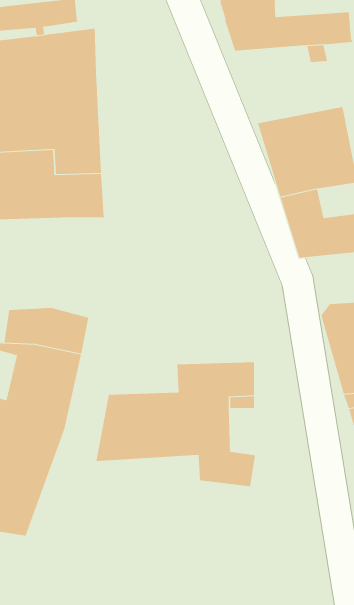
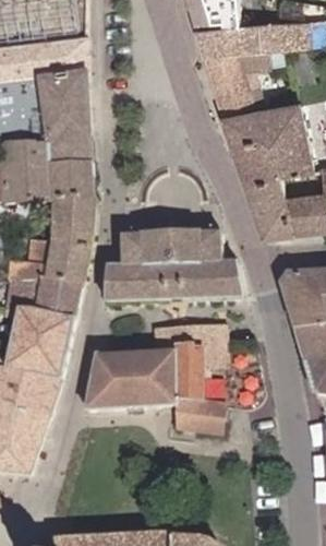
building: none -> [204,48,263,108]
building: none -> [9,197,92,283]
building: none -> [101,229,241,299]

